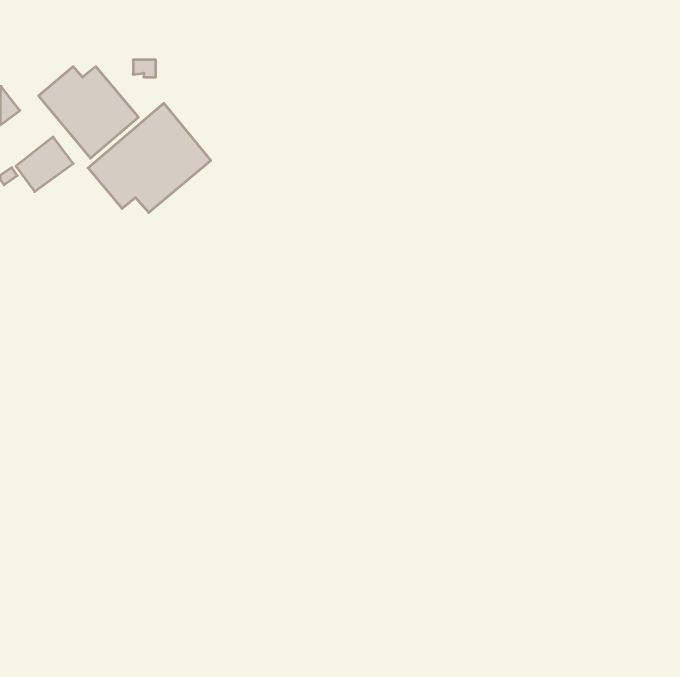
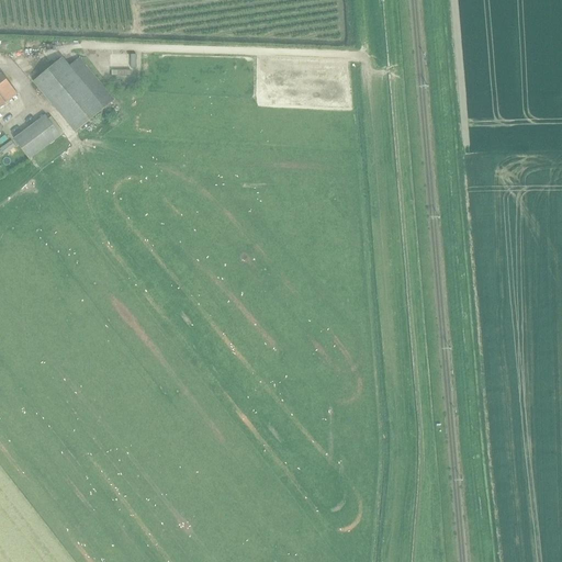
building: [88,103,211,213] -> none

